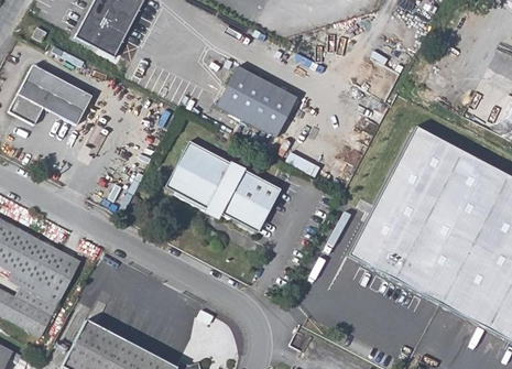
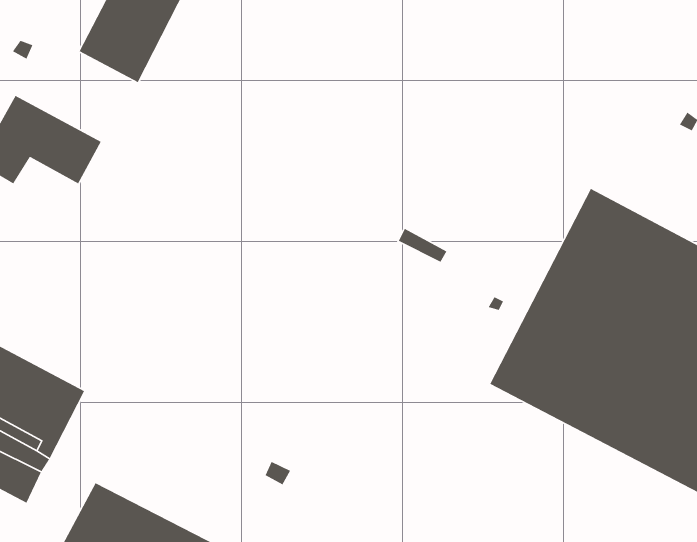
building: [216,64,298,137] -> none
building: [163,140,276,231] -> none

